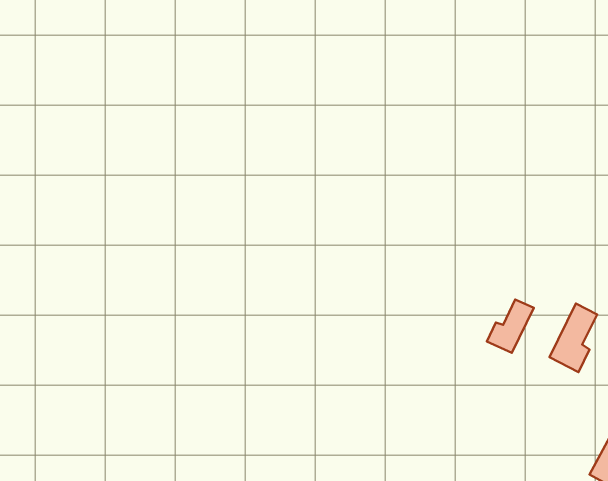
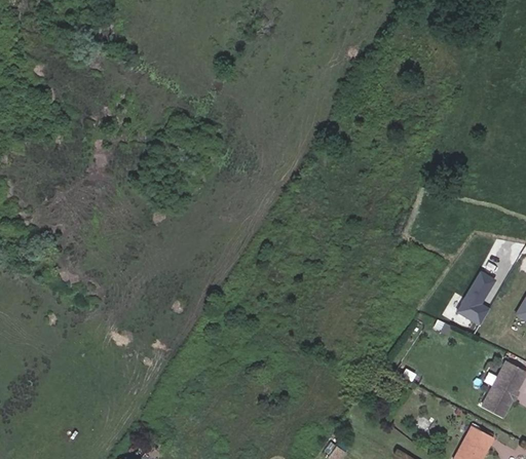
building: [487,300,534,353] -> none

